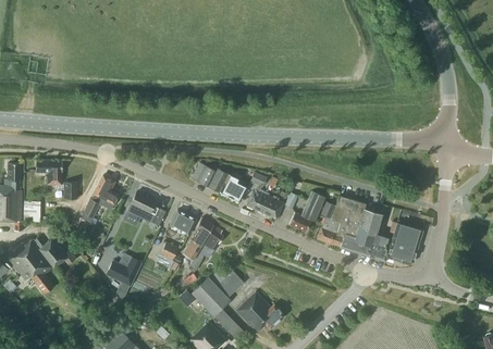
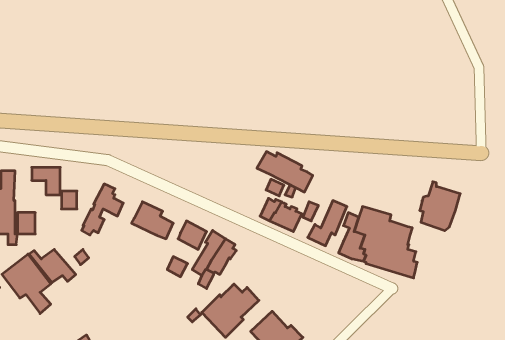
building: [196,165,247,202] -> [257,152,313,192]
building: [385,220,422,264] -> [420,182,460,231]
building: [107,257,141,285] -> none

